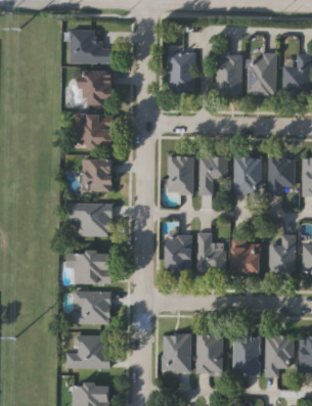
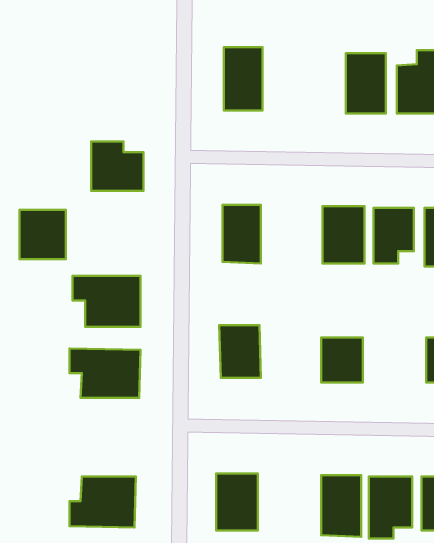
building: [70,29,116,63] -> none
building: [216,53,241,94] -> none
building: [84,70,115,104] -> none
building: [199,156,227,194] -> none
building: [82,160,113,192] -> [20,210,66,259]
building: [197,232,225,271] -> none
building: [268,237,295,273] -> none
building: [72,290,110,324] -> none
building: [195,334,222,373] -> none

